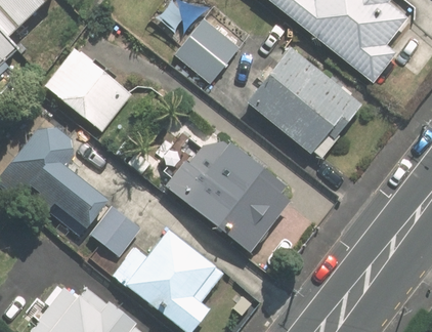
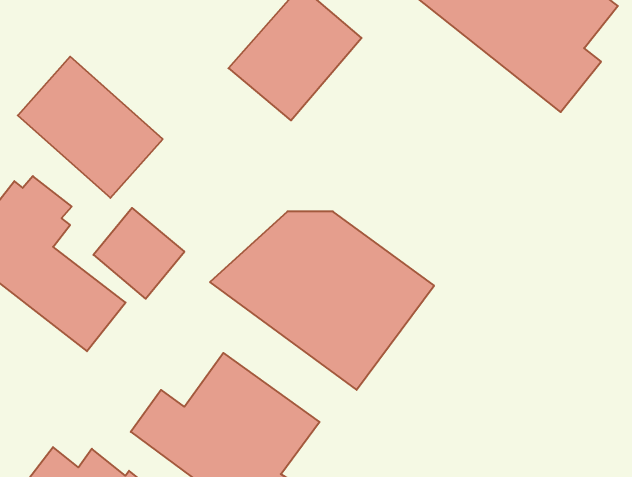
building: [247,47,363,161] -> none
building: [88,204,143,259] -> [93,208,184,299]

